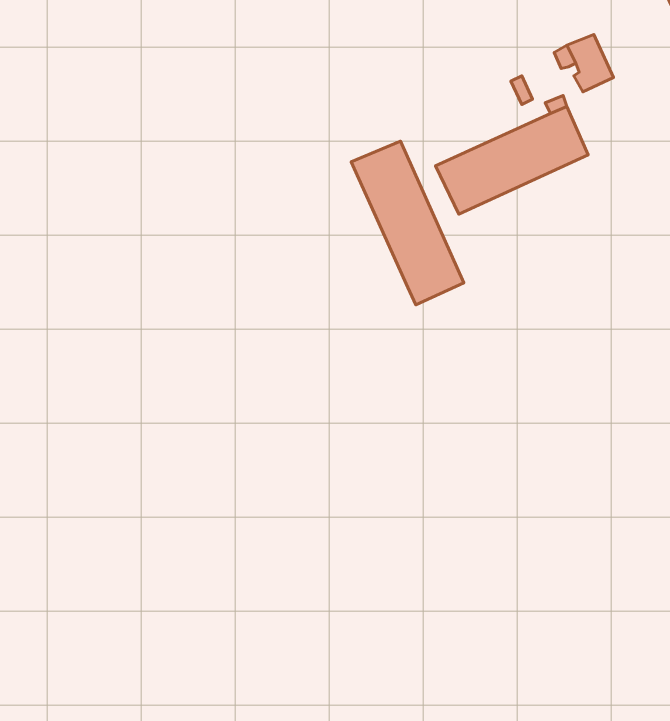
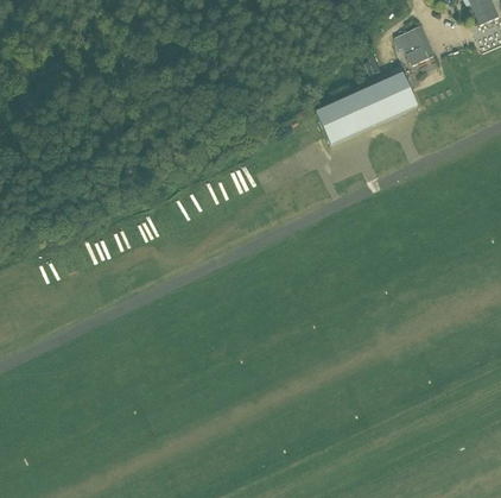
building: [351,141,464,305] -> none

